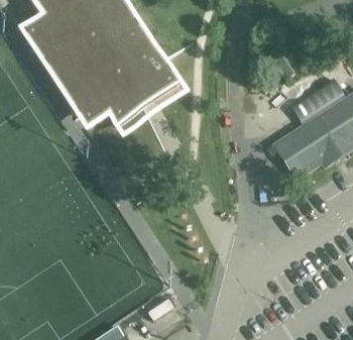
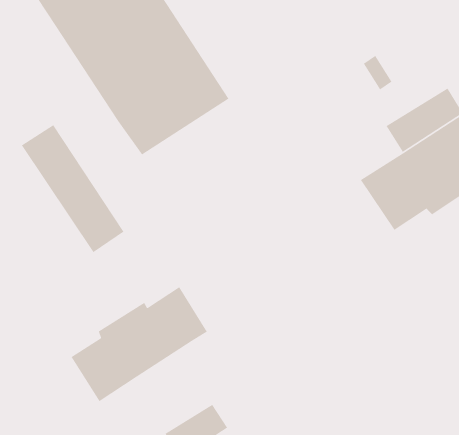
building: [27,24,101,116] -> [21,124,124,253]
building: none -> [71,286,208,402]

